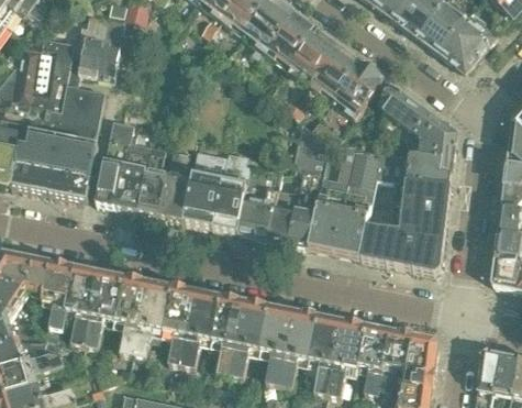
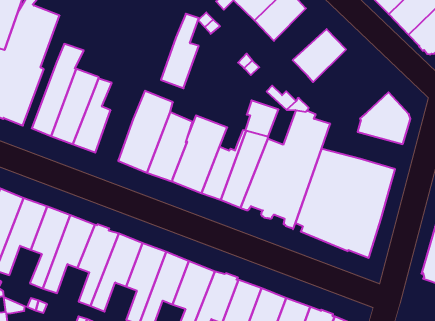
building: [313,46,362,98] -> none
building: [378,85,431,136] -> none
building: [160,151,191,222] -> [161,14,199,88]
building: [376,153,453,186] -> none

